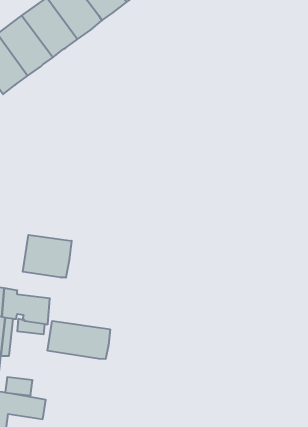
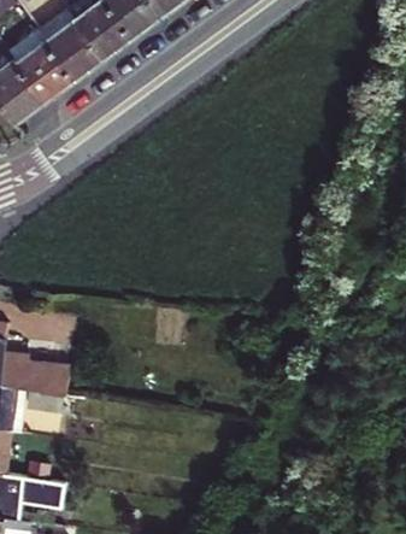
building: [23,235,72,278] -> none
building: [48,321,110,359] -> none

